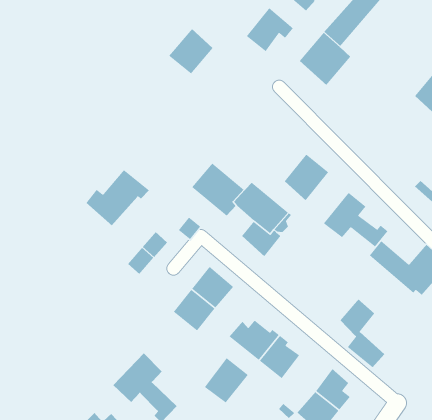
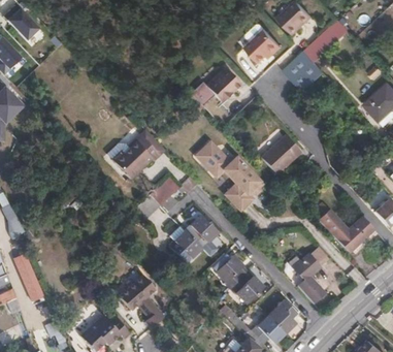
building: [168,28,213,74] -> [205,68,239,102]
building: [323,192,388,248] -> none
building: [204,357,249,403] -> none

